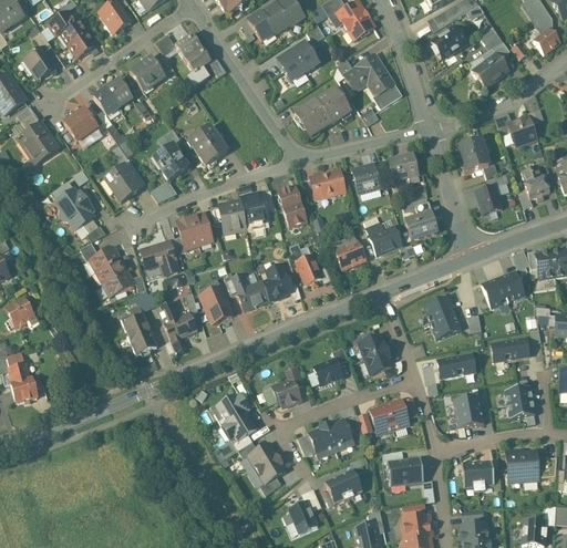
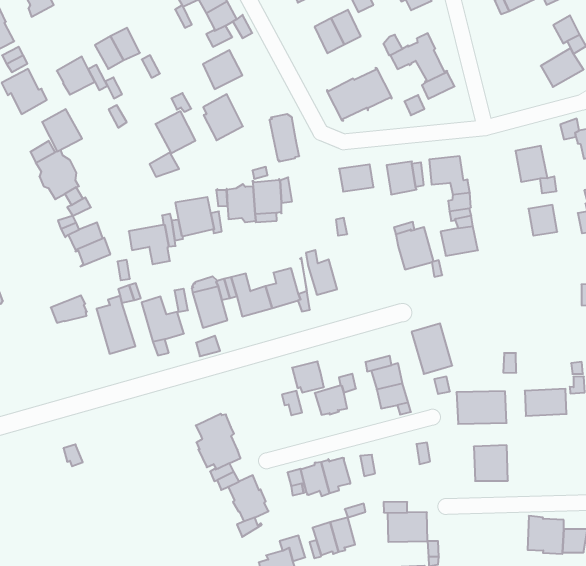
building: [432,23,466,58] -> none
building: [131,55,165,90] -> [203,50,242,89]
building: [105,164,141,200] -> [42,109,82,151]
building: [278,185,307,226] -> [269,114,299,162]
building: [334,231,365,269] -> none
building: [103,270,134,296] -> [51,295,87,323]
building: [482,271,526,309] -> none
building: [424,294,462,339] -> [412,323,452,374]
building: [271,380,300,407] -> [292,361,324,393]
building: [506,390,536,423] -> none
building: [370,400,408,435] -> none
building: [461,461,494,488] -> none

